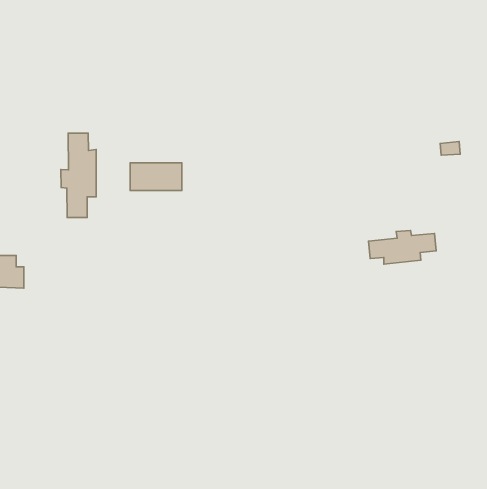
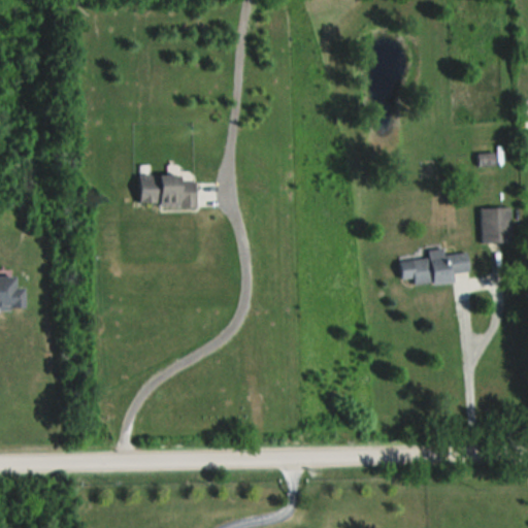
building: [61,133,96,218] -> none
building: none -> [480,207,510,242]

